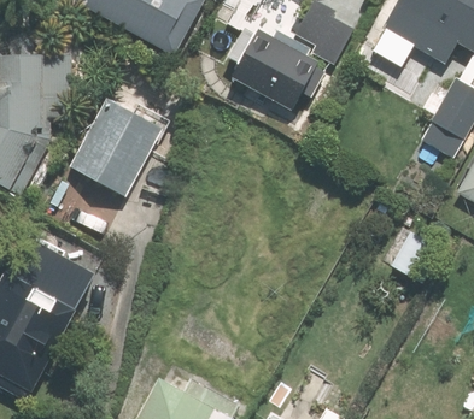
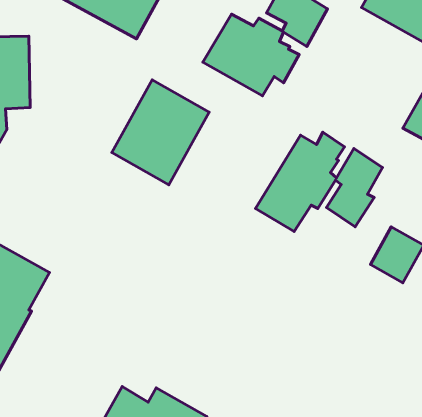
building: [70,98,160,195] -> [112,80,209,185]
building: none -> [256,132,383,232]

